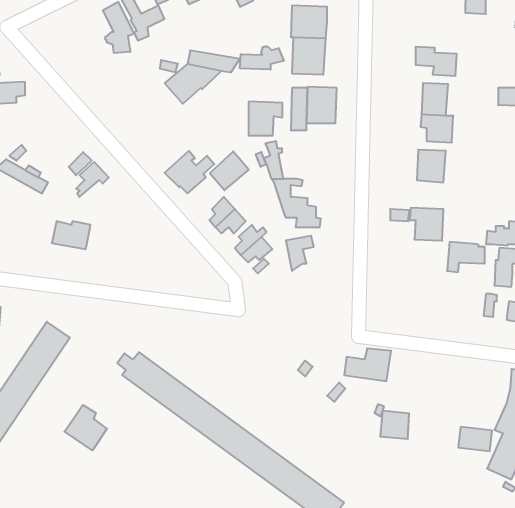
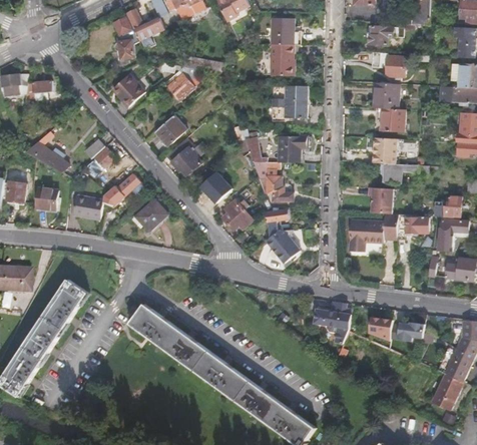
building: none -> [368,25,395,46]
building: [240,46,284,70] -> none
building: none -> [112,75,145,107]
building: [249,102,282,136] -> [279,134,307,162]
building: [210,151,249,190] -> [155,113,187,145]
building: none -> [379,164,428,183]
building: none -> [102,174,139,206]
building: none -> [36,182,58,204]
building: none -> [135,199,168,231]
building: none -> [349,212,397,248]
building: none -> [266,231,299,265]
building: [64,405,107,450] -> none
building: [380,411,409,439] -> [369,315,393,338]
building: [458,427,492,451] -> [398,320,426,340]

